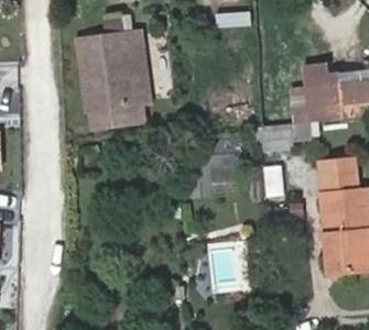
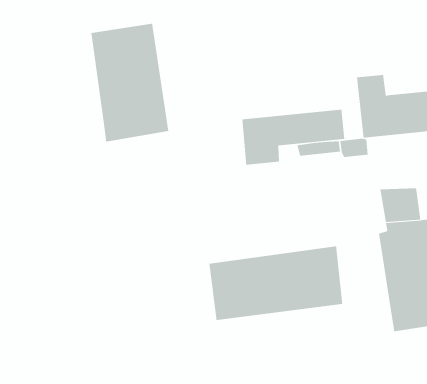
building: none -> [242,109,345,166]
building: none -> [209,245,343,321]

